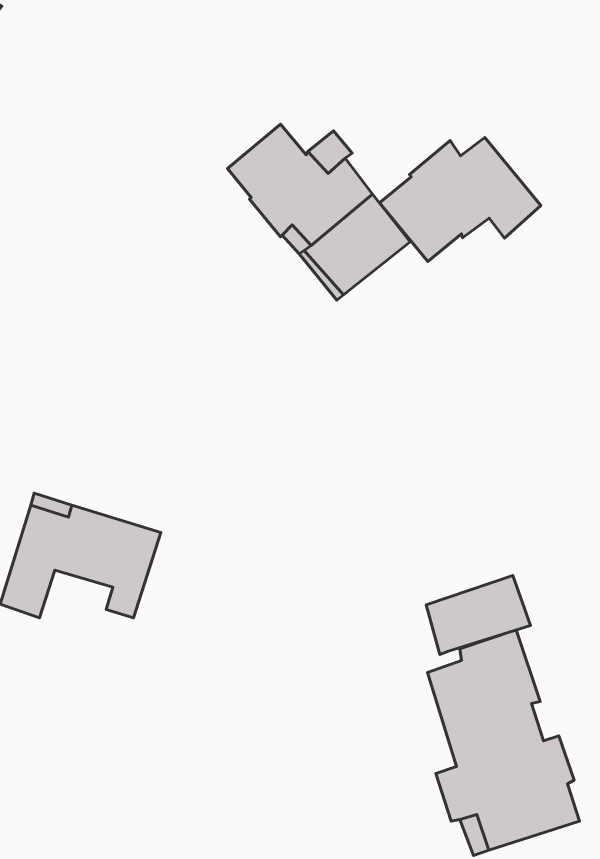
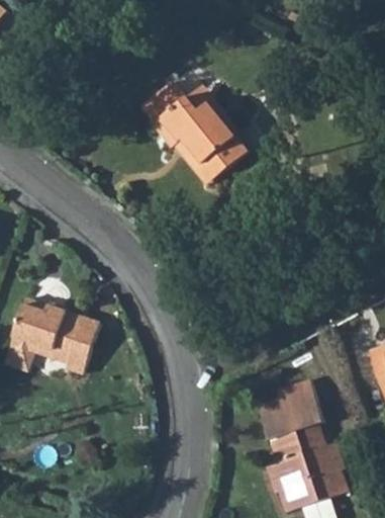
building: [380,138,541,262] -> none
building: [426,576,531,654] -> none

